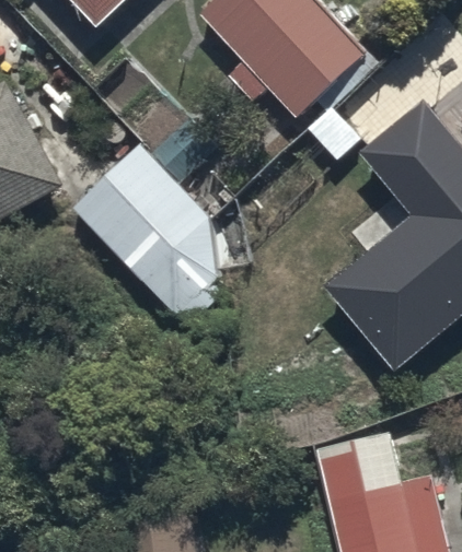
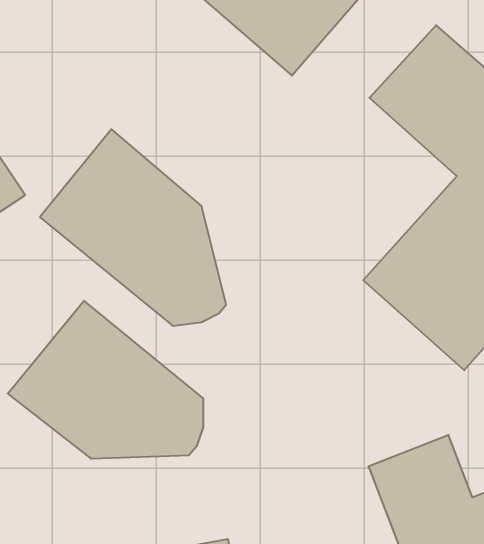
building: none -> [8,301,203,459]

